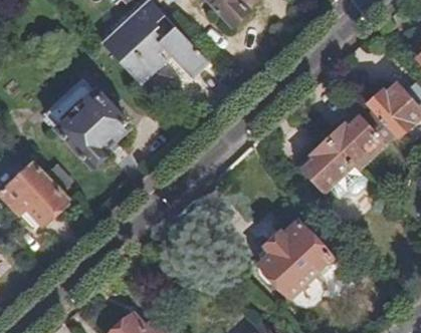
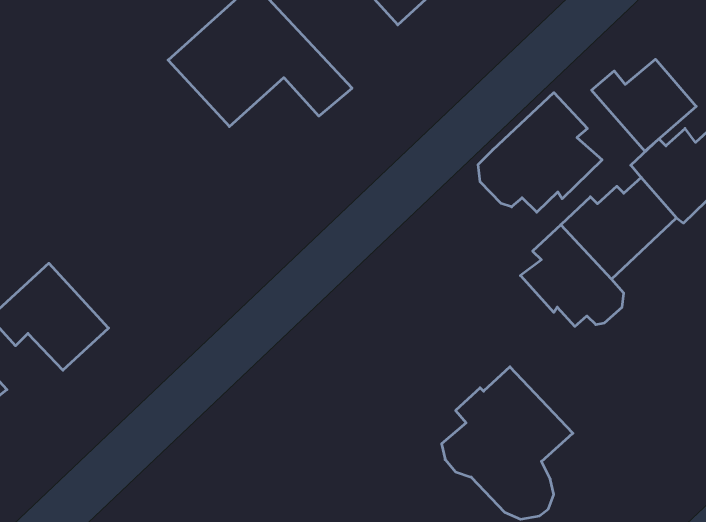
building: none -> [592,59,696,151]
building: none -> [478,93,602,212]
building: [41,77,127,164] -> none

